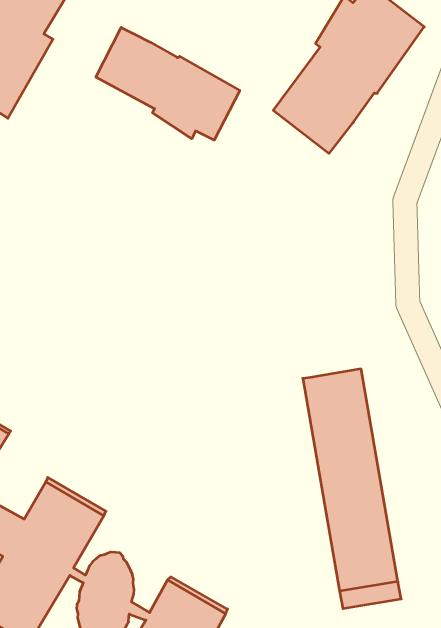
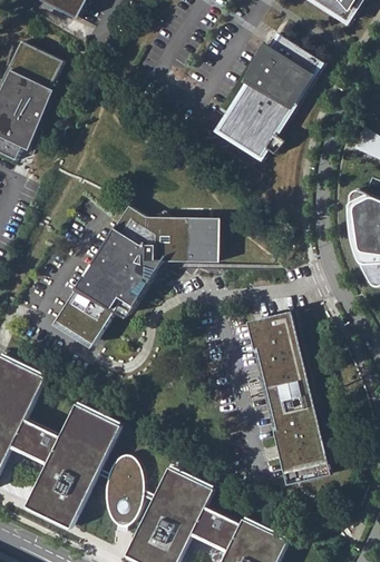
building: [96,27,240,140] -> none
building: none -> [56,206,211,341]

